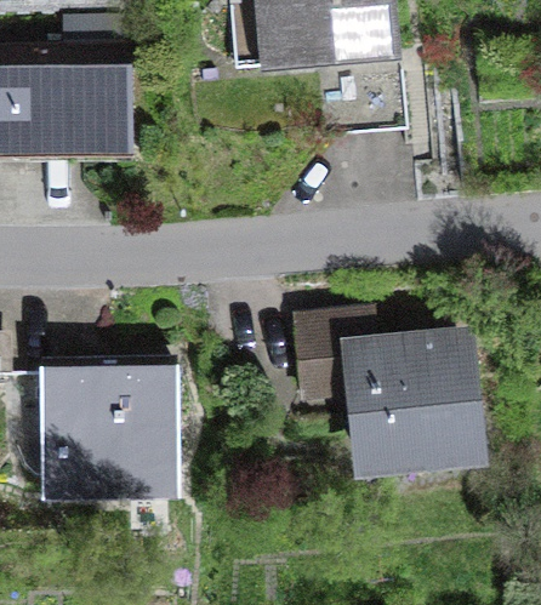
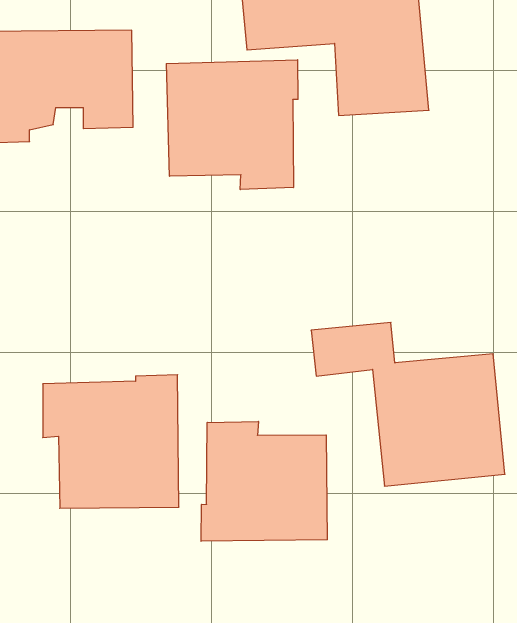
building: none -> [166,60,298,190]
building: none -> [201,421,327,541]

